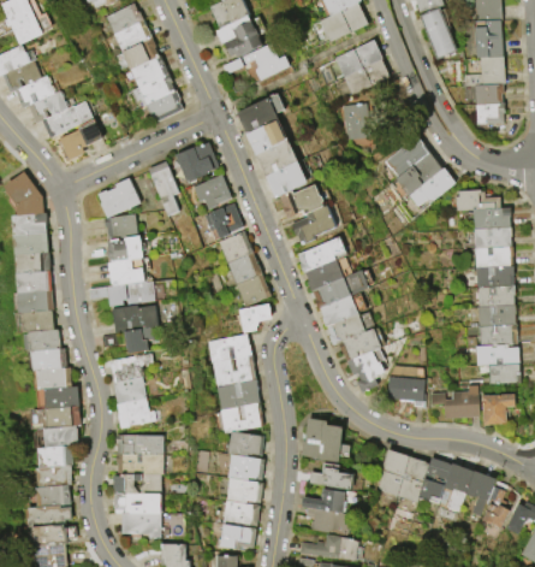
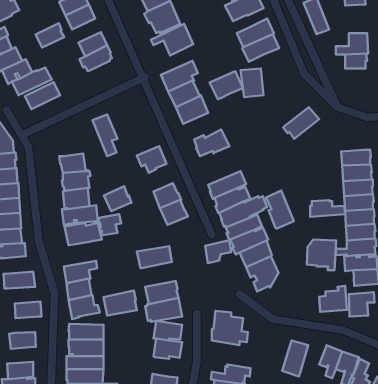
building: [476,19,503,57] -> none
building: [121,37,159,69] -> [36,23,64,47]
building: [145,90,183,123] -> none
building: [476,102,505,124] -> none
building: [384,135,429,177] -> none
building: [174,141,220,182] -> none
building: [266,160,309,196] -> [210,71,243,99]
building: [408,167,456,207] -> none
building: [194,176,232,209] -> none
building: [99,178,141,217] -> none
building: [454,190,500,212] -> [310,200,345,217]
building: [291,202,338,243] -> none
building: [218,230,254,262] -> [104,186,132,211]
building: none -> [266,190,294,229]
building: [239,302,273,332] -> [205,240,231,263]
building: [125,326,155,354] -> [98,214,121,236]
building: [34,347,67,370] -> none
building: [212,354,255,386] -> [103,291,137,316]
building: [386,367,424,407] -> [307,240,336,270]
building: [37,386,81,408] -> none
building: [44,425,79,447] -> none
building: [376,449,406,496] -> none
building: [418,456,452,503] -> none
building: [309,462,356,489] -> none
building: [38,465,73,486] -> none
building: [226,478,262,503] -> none

